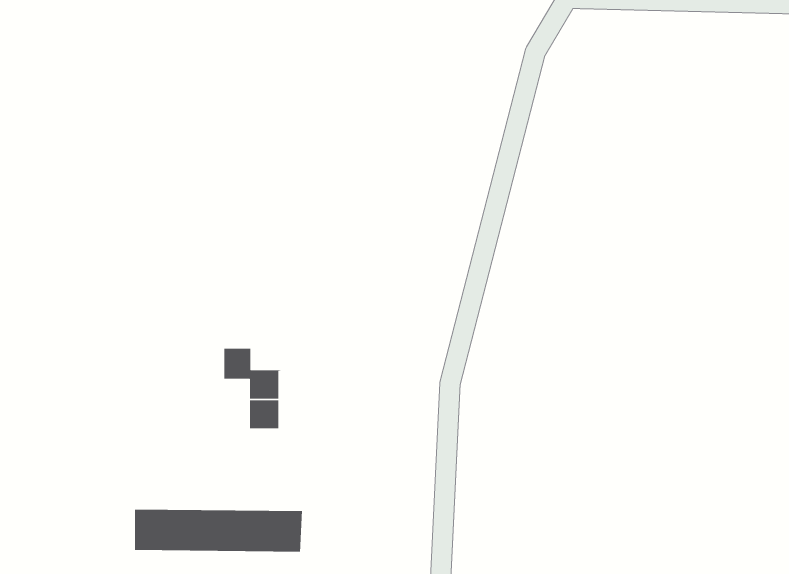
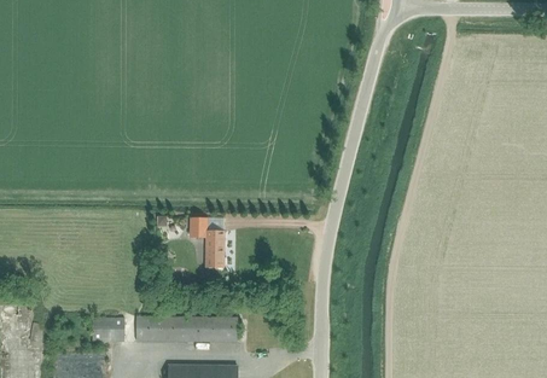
building: none -> [92,316,124,342]

